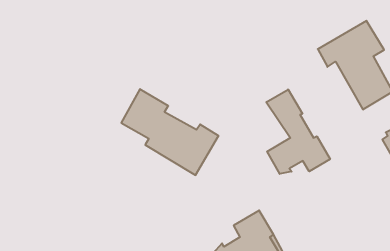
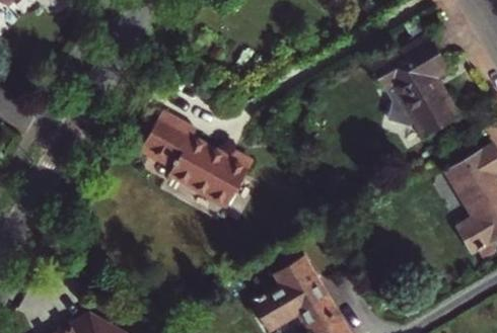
building: [266,89,330,174] -> none

